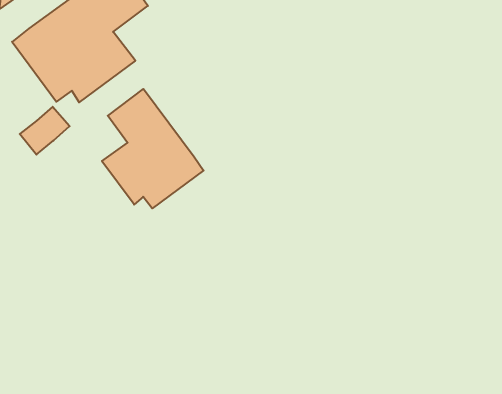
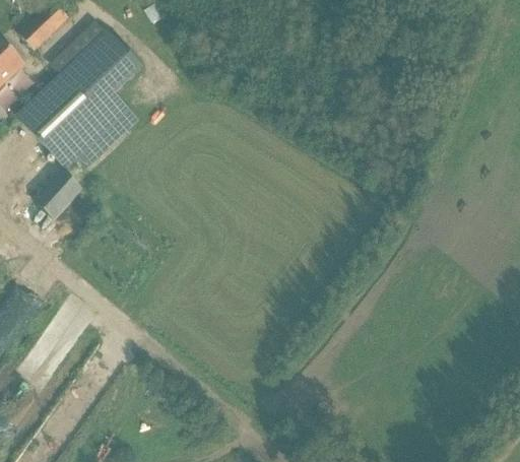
building: [102,89,204,208] -> none

